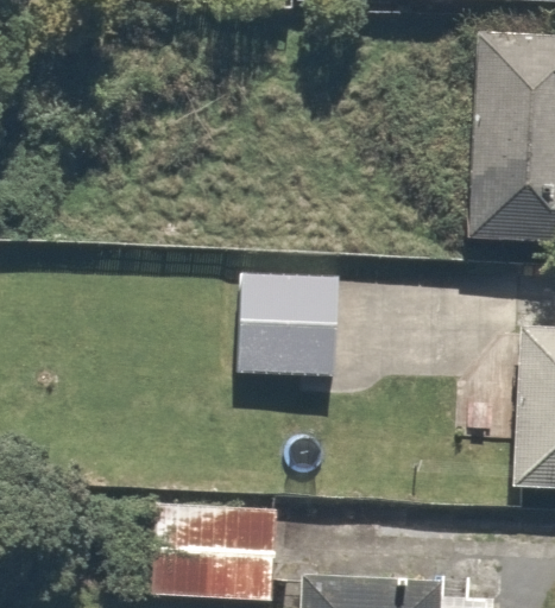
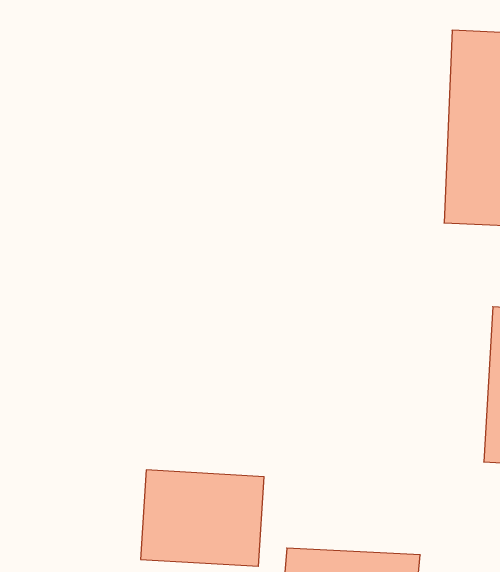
building: [239,273,345,374] -> none

